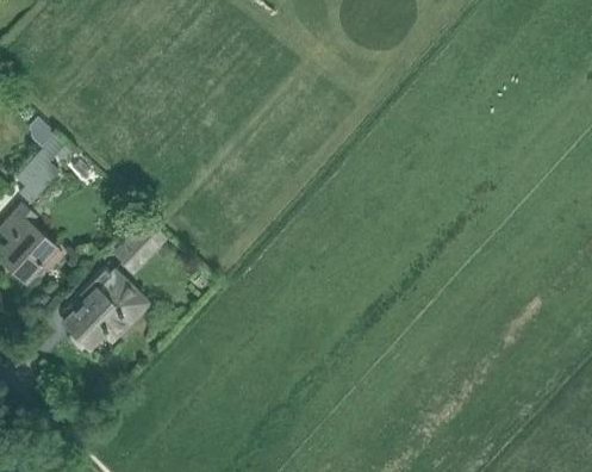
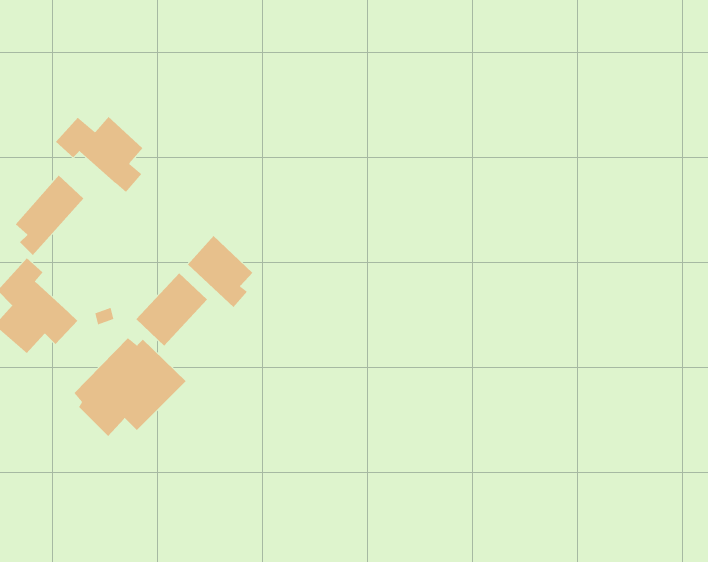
building: none -> [55,116,143,193]
building: none -> [187,235,253,308]

